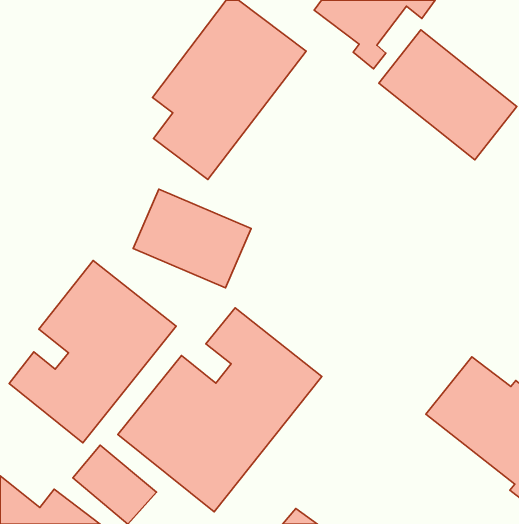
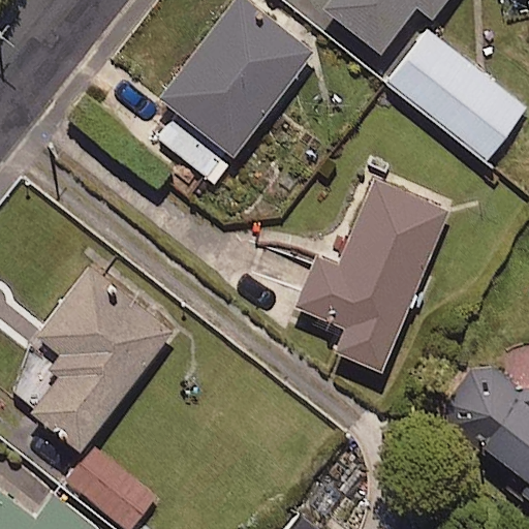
building: none -> [292,176,449,372]
building: [133,189,251,288] -> none
building: [118,308,322,512] -> none

